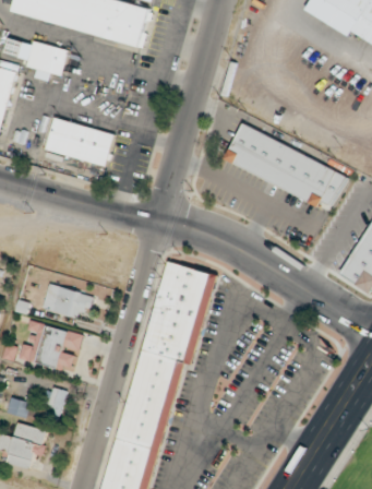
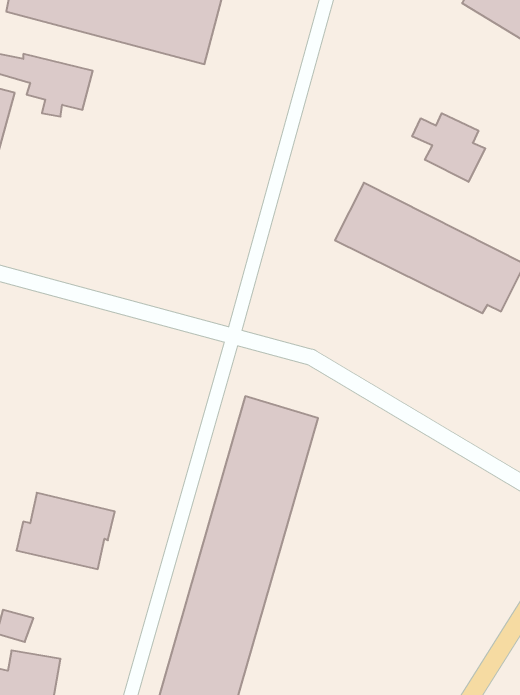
building: none -> [412,113,485,182]
building: [44,116,113,167] -> none
building: [40,284,92,320] -> none
building: [41,386,67,419] -> none

